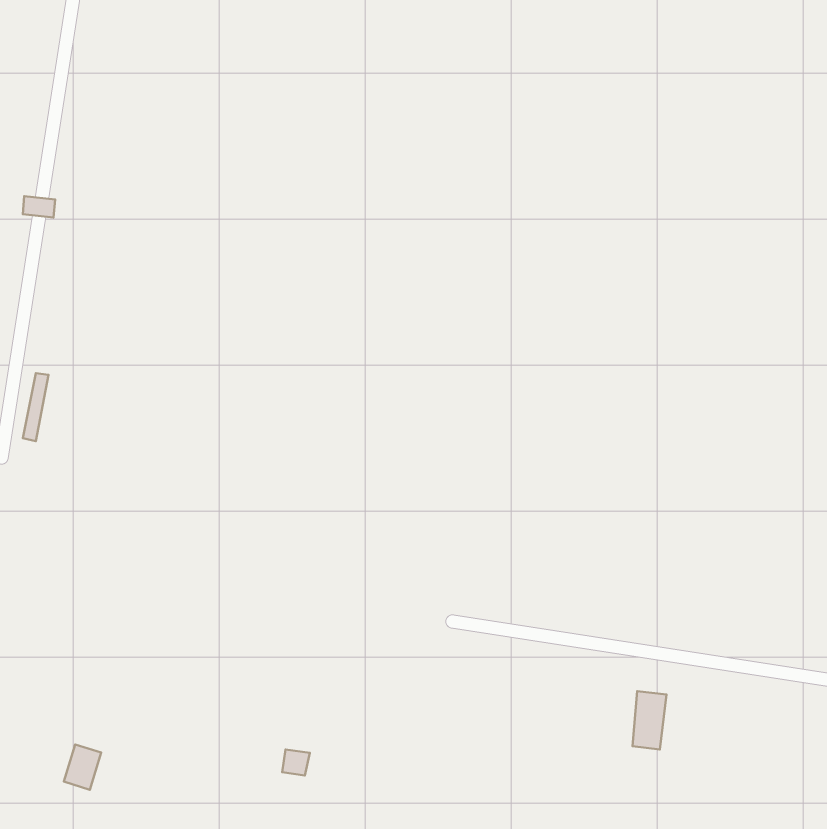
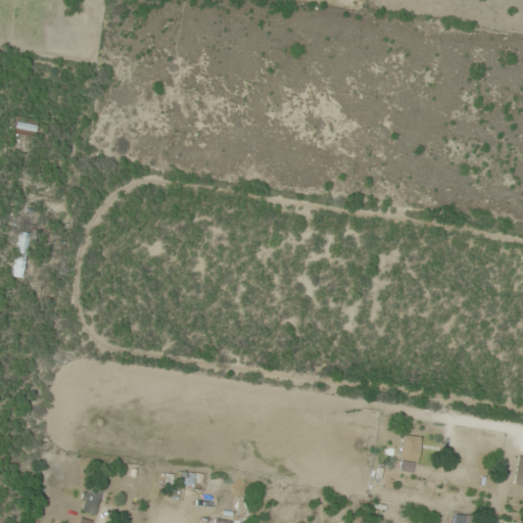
building: [64,744,101,790] -> [80,486,103,515]

